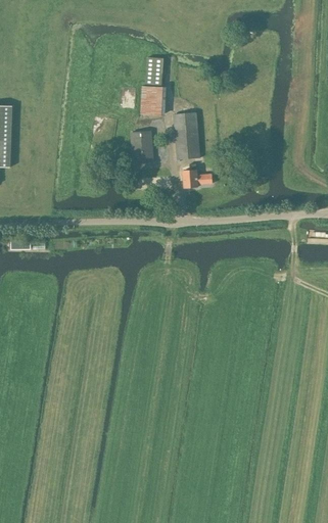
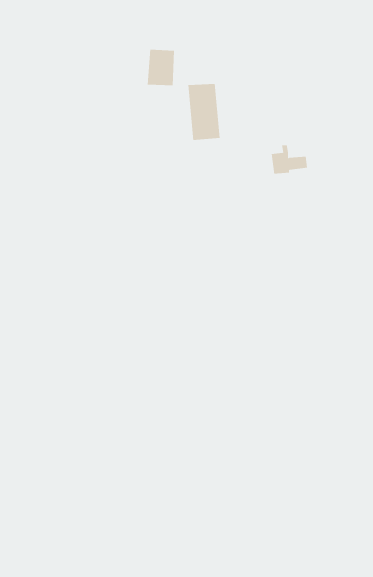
building: [131,131,154,162] -> none
building: [183,163,213,187] -> [271,145,308,174]

